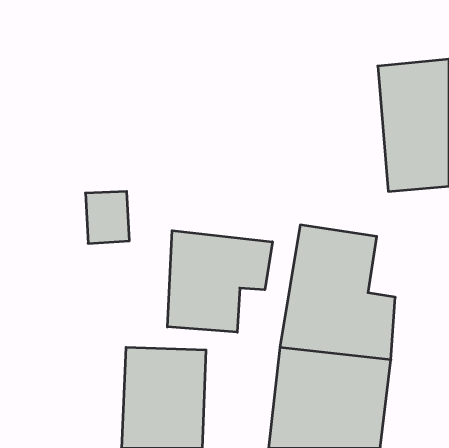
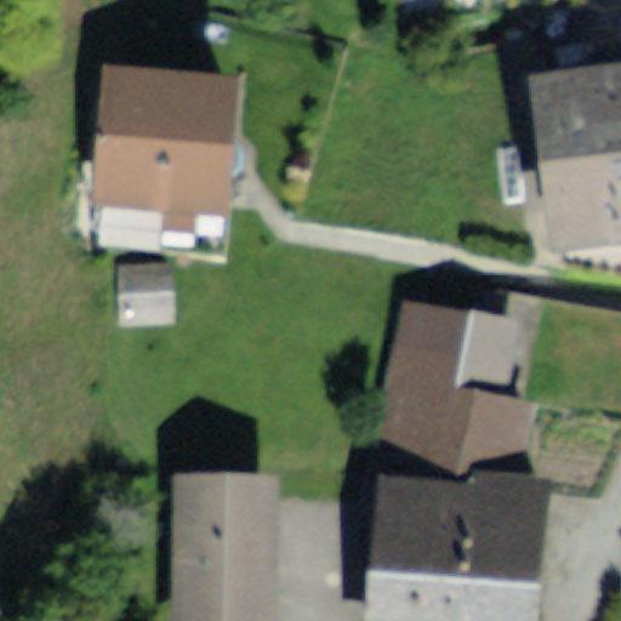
building: none -> [93,59,229,217]
building: [167,231,272,332] -> none

